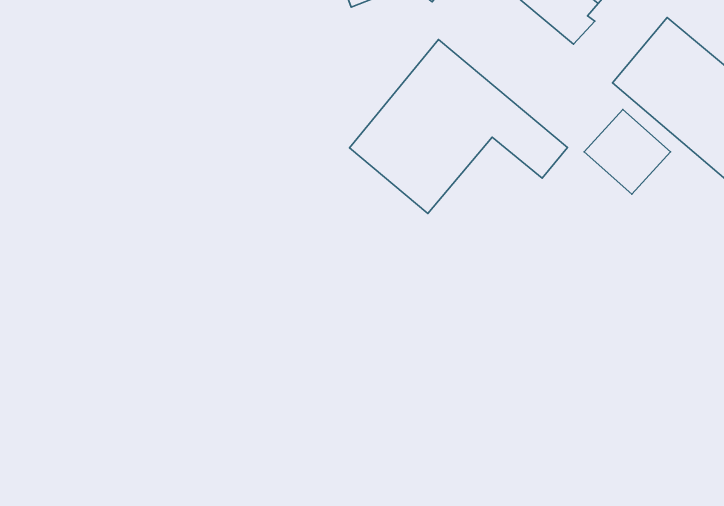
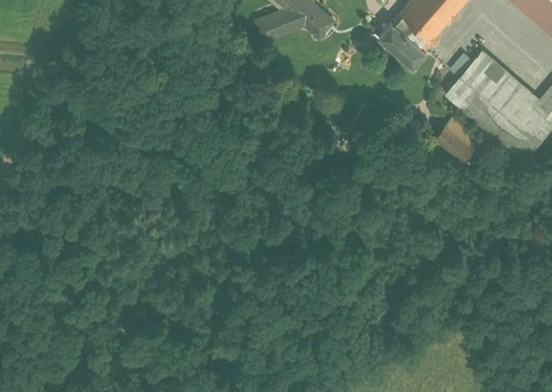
building: [350,39,568,213] -> none

